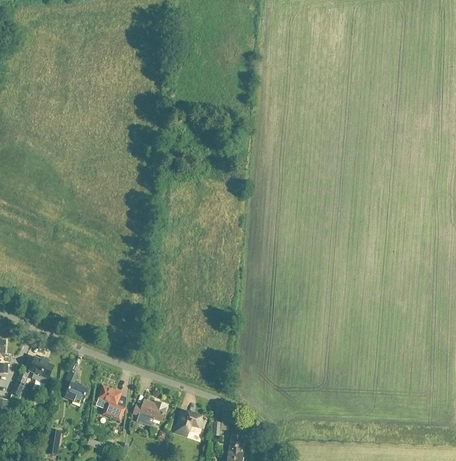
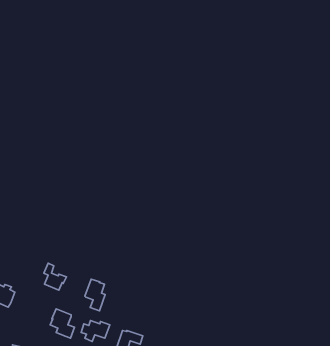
building: none -> [85,279,105,311]
building: [64,371,91,403] -> [44,263,67,290]

